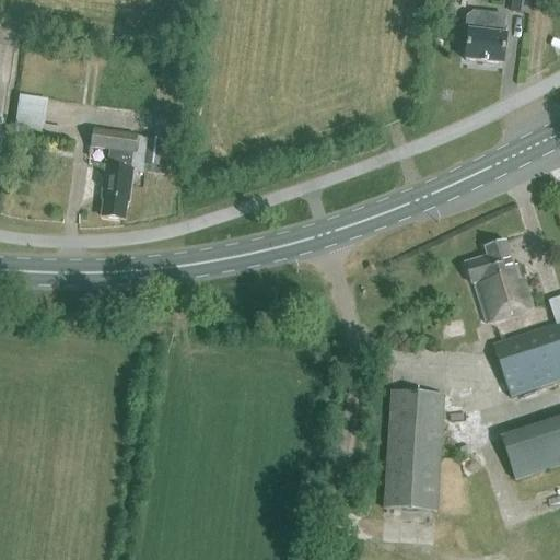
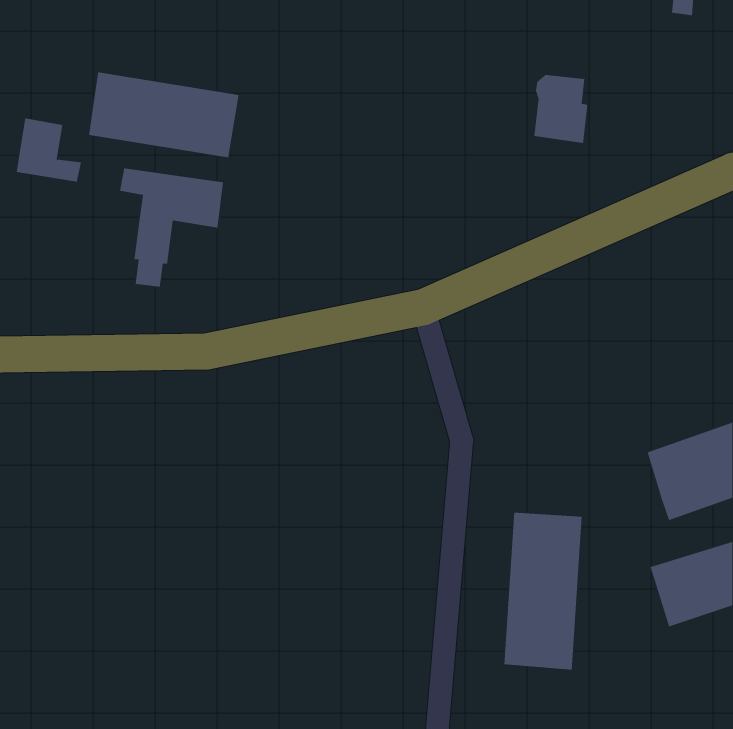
building: [466,11,508,63] -> [534,75,588,143]
building: none -> [88,71,239,158]
building: [465,238,534,323] -> none

